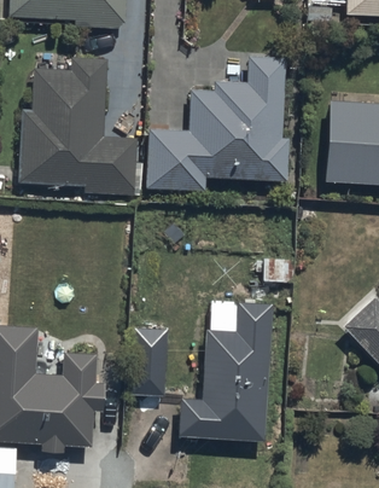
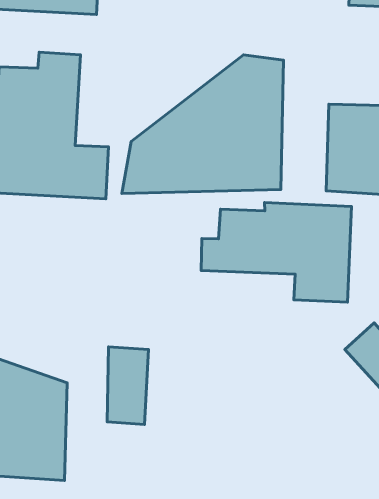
building: none -> [201,202,352,302]
building: [177,304,272,445] -> none

